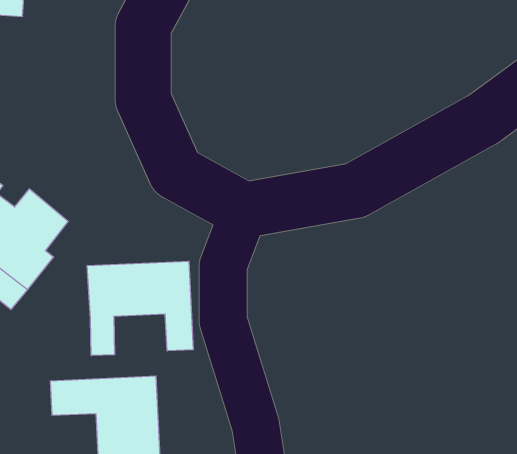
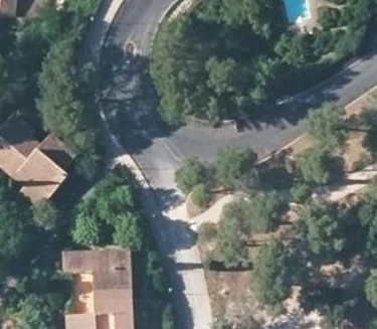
building: [87,261,193,356] -> none

